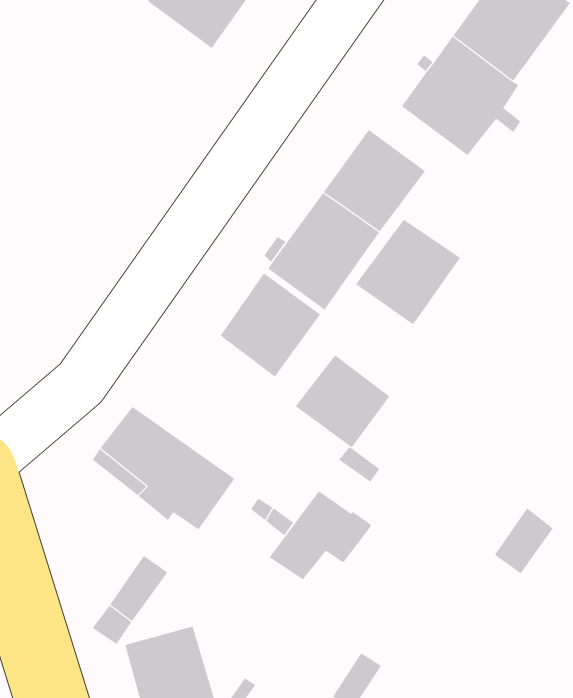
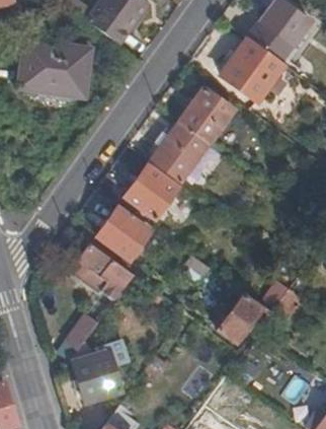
building: none -> [18,41,91,97]
building: [355,219,461,325] -> none
building: [295,355,390,448] -> [96,207,147,257]
building: [269,490,372,580] -> [217,293,271,341]

